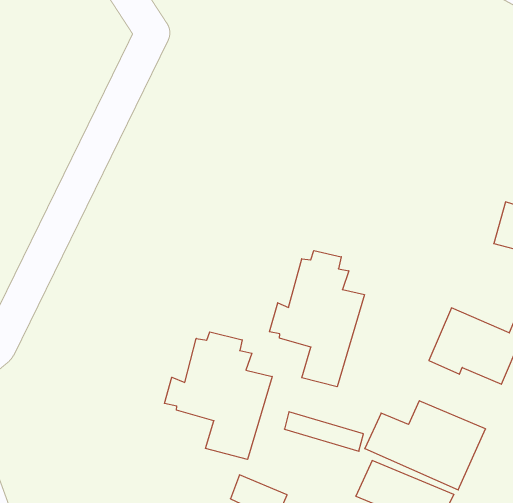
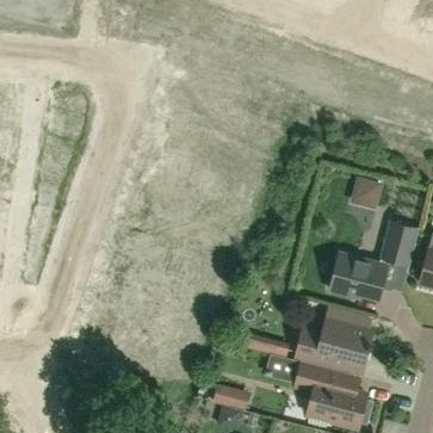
building: [269,251,364,387] -> none
building: [164,332,272,459] -> none

